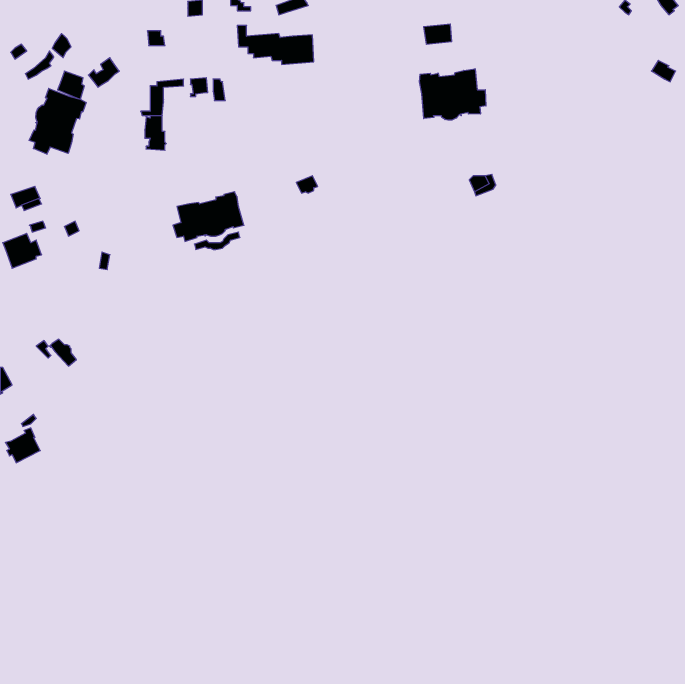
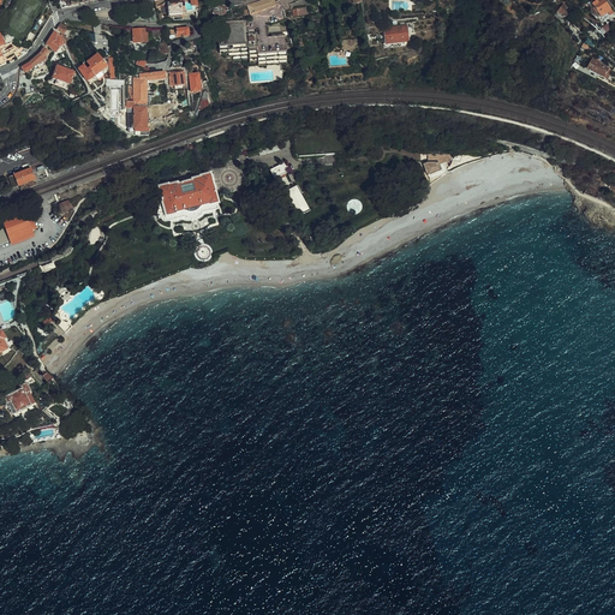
building: [420,69,486,120] -> none
building: [29,88,86,154] -> none

